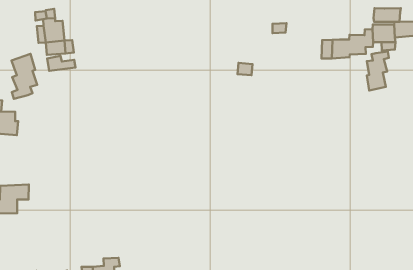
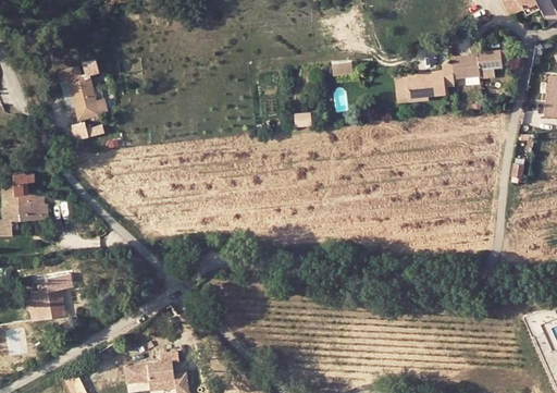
building: [374,8,401,22] -> none
building: [367,51,389,90] -> none
building: [12,54,37,99] -> none

